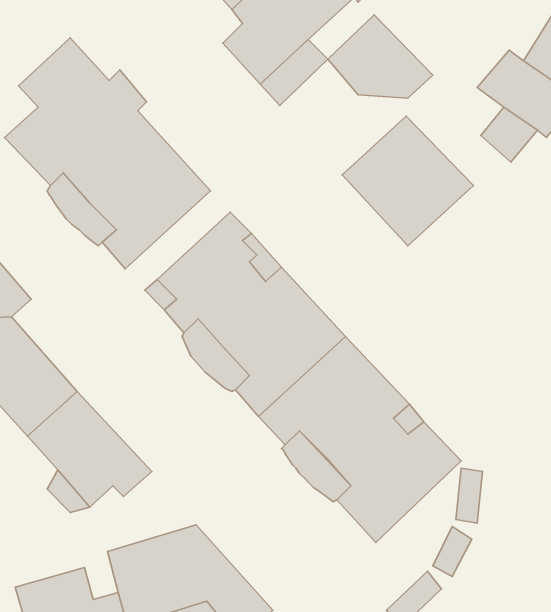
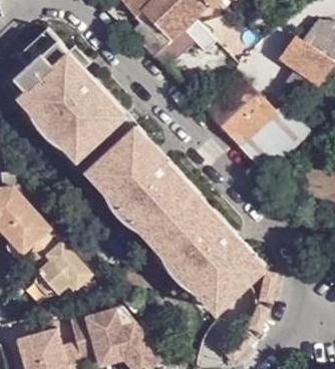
building: none -> [237,105,298,163]

